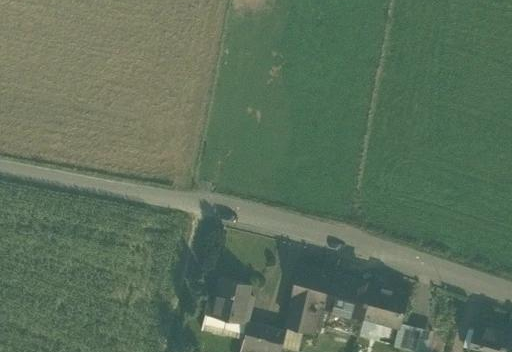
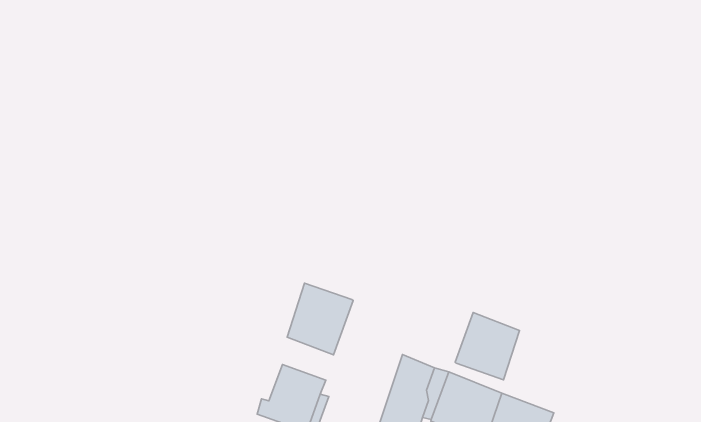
building: none -> [287,283,353,355]
building: none -> [455,313,519,380]

